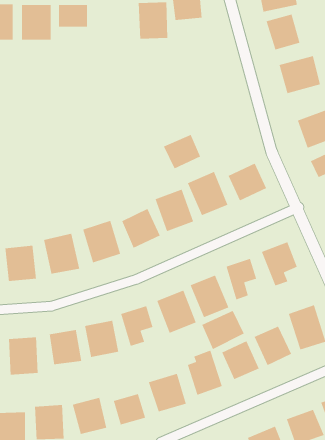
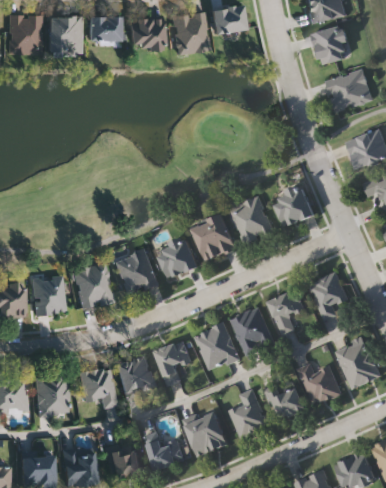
building: none -> [131,17,164,48]
building: [163,134,201,169] -> none
building: [201,310,245,350] -> none

